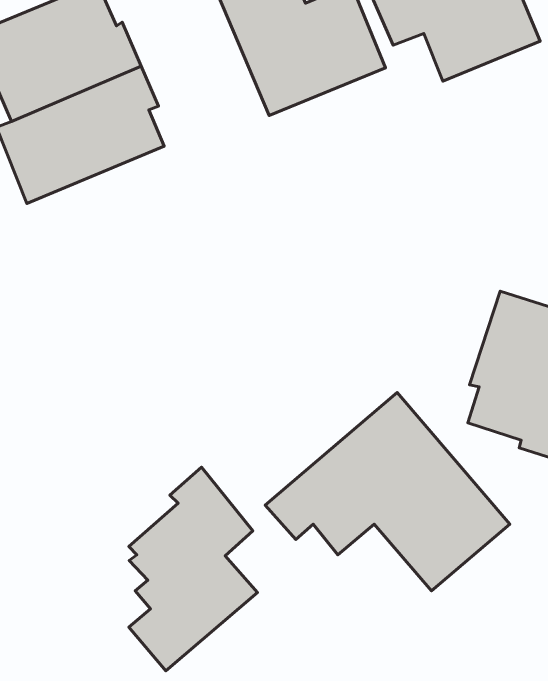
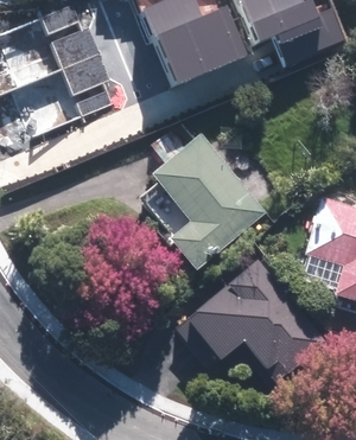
building: none -> [150,130,267,269]
building: [129,467,257,671] -> none

